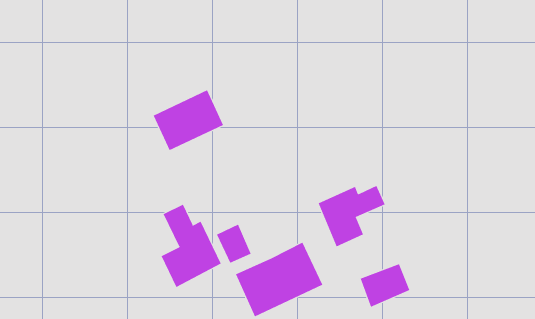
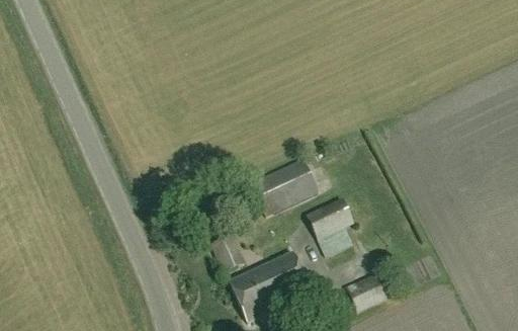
building: [153,90,224,151] -> [250,159,317,217]
building: [161,204,221,288] -> none

